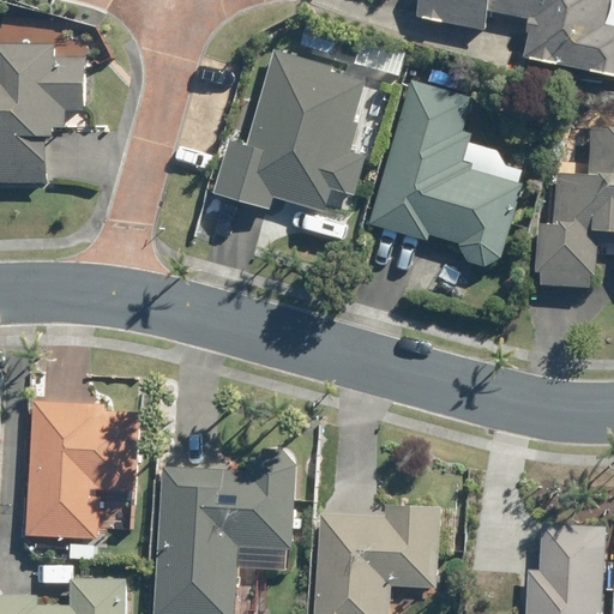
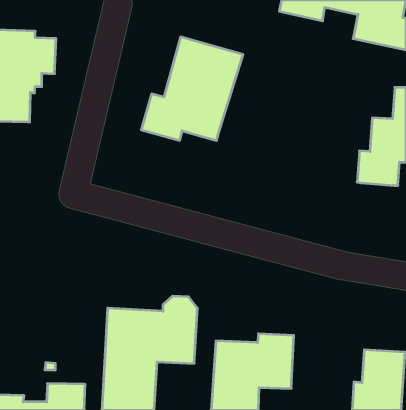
building: [367,83,520,269] -> none
building: [25,401,138,532] -> none

